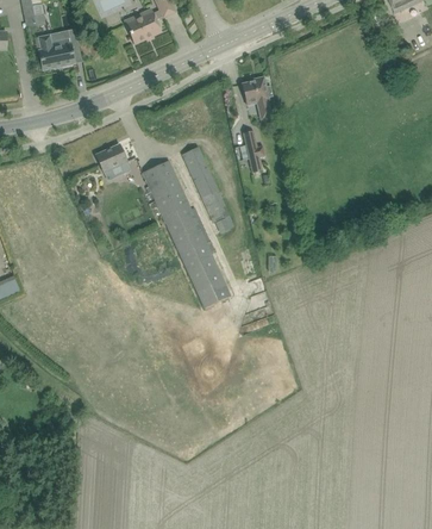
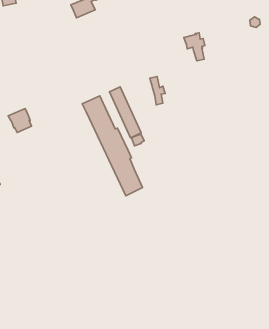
building: [37,33,74,70] -> none
building: [240,76,271,118] -> [184,33,205,61]
building: [94,143,129,179] -> [8,108,32,133]

